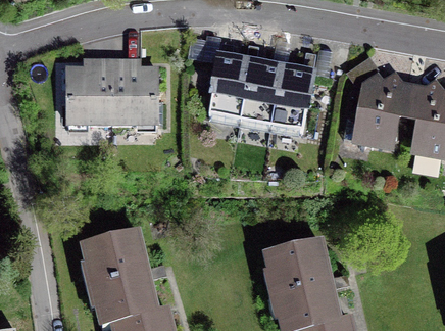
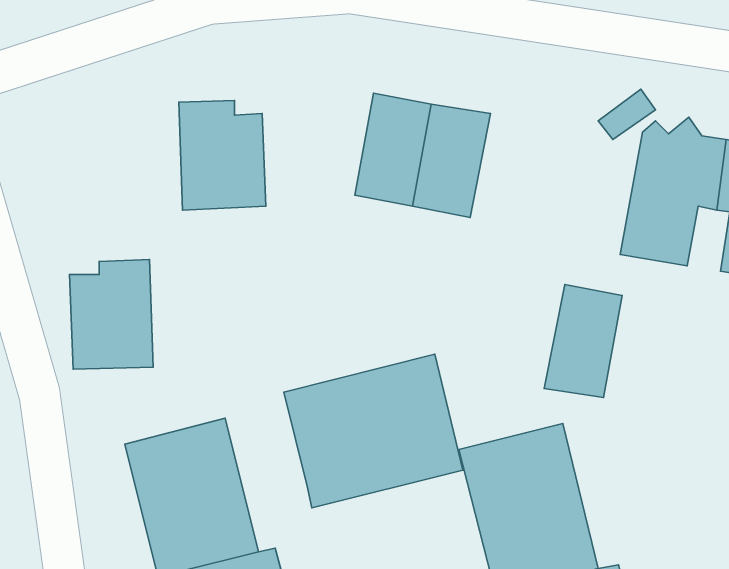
building: [65,61,111,122] -> [70,260,153,369]
building: [269,67,312,130] -> [544,284,622,398]
building: none -> [284,354,463,508]

